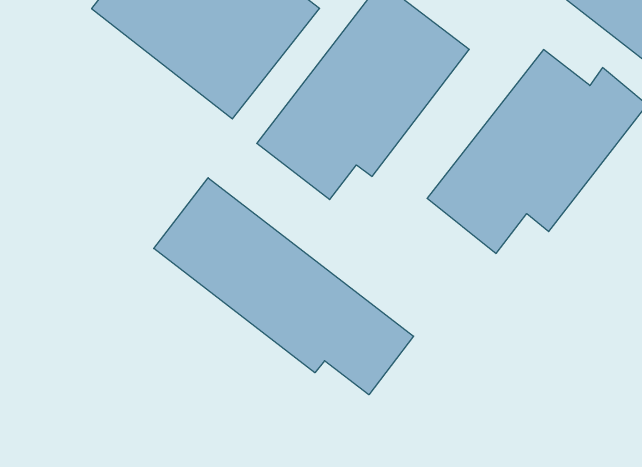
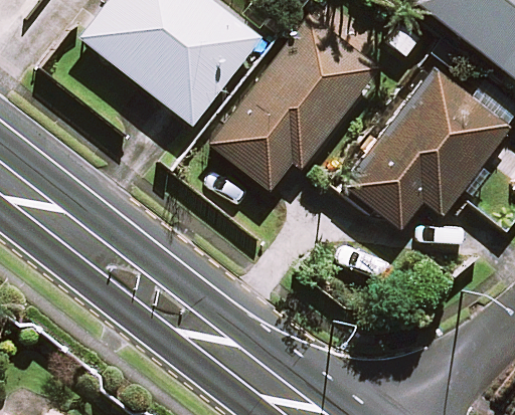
building: [154,178,414,395] -> none

